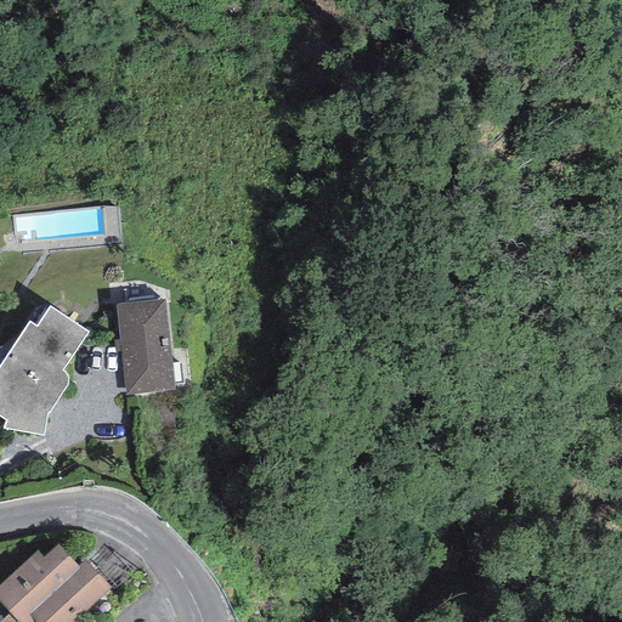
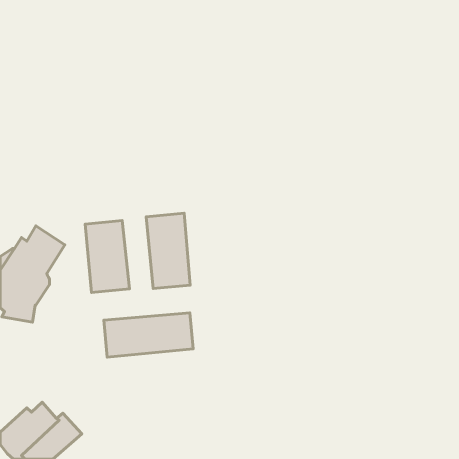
building: none -> [146,213,190,289]
building: none -> [104,313,193,357]

